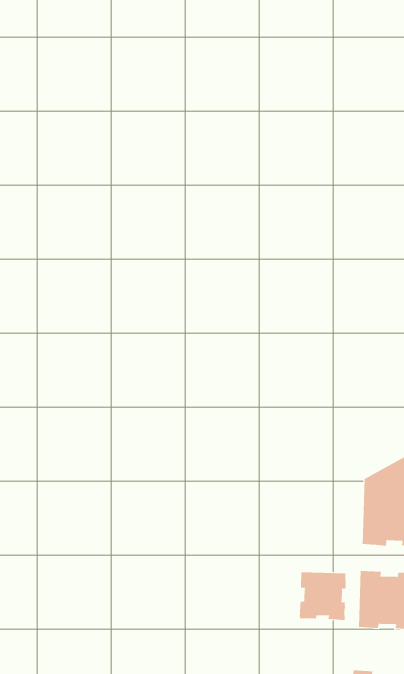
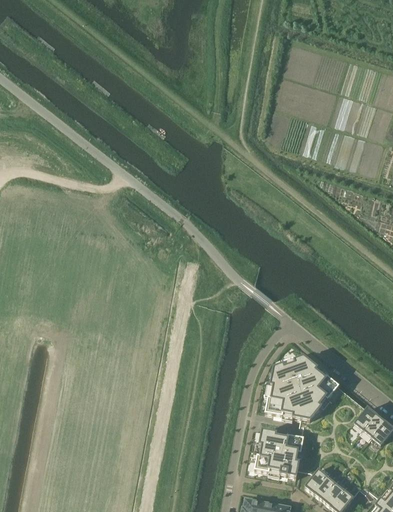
building: [299,572,346,621] -> none

